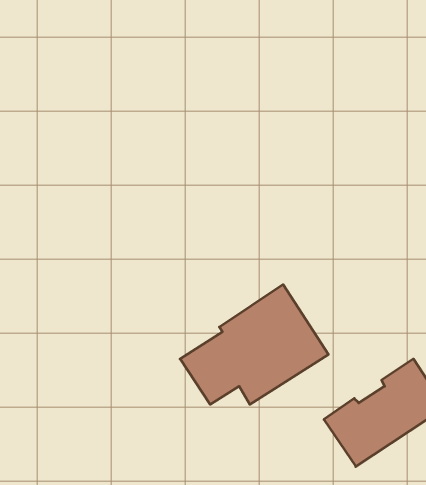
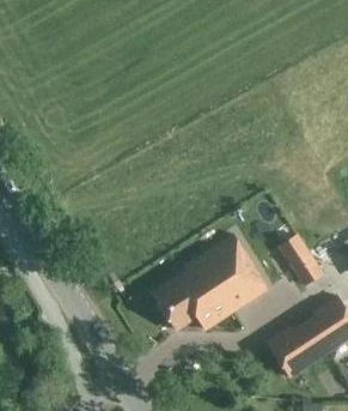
building: none -> [277,234,324,288]

